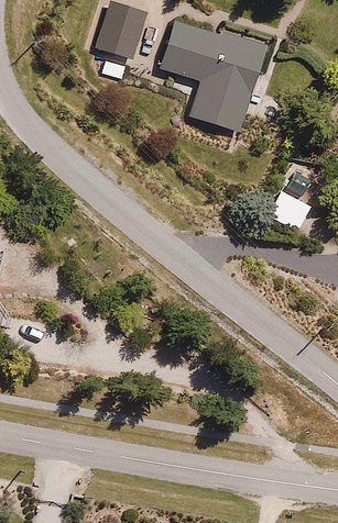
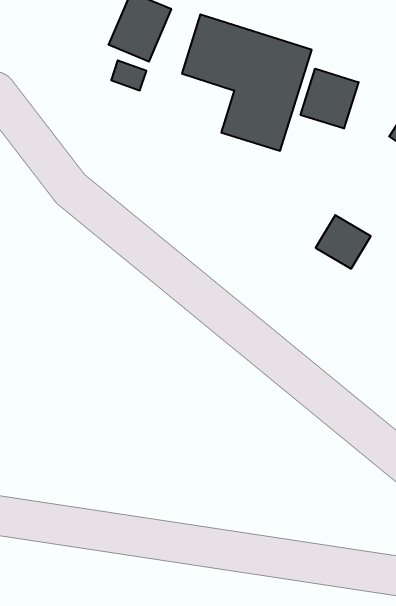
building: none -> [301,69,359,129]

